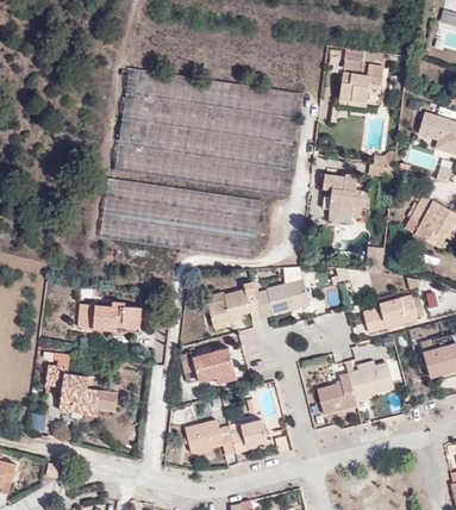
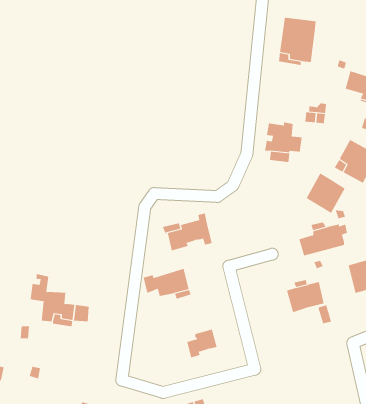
building: none -> [306,173,346,214]
building: [256,279,311,317] -> none
building: [77,305,140,335] -> none
building: [318,373,358,415] -> none
building: [185,418,236,455] -> none

